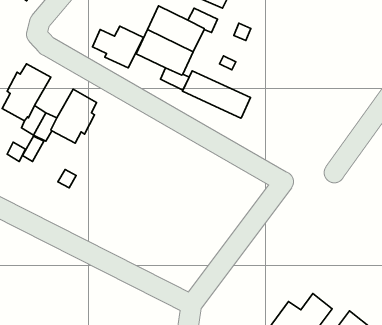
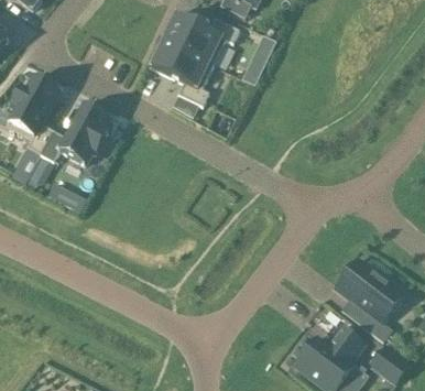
building: [92,26,144,68] -> none
building: [183,71,251,118] -> none
building: none -> [336,257,404,340]

